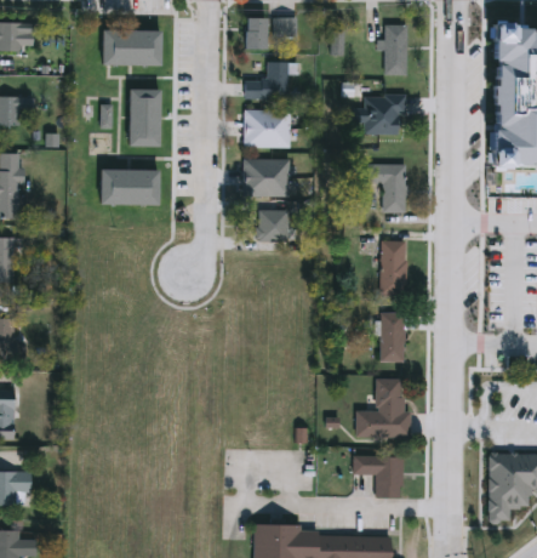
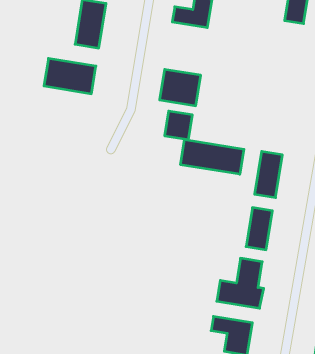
building: [366,95,407,133] -> none
building: [245,109,292,147] -> none
building: [381,165,409,213] -> none
building: none -> [181,140,244,174]

